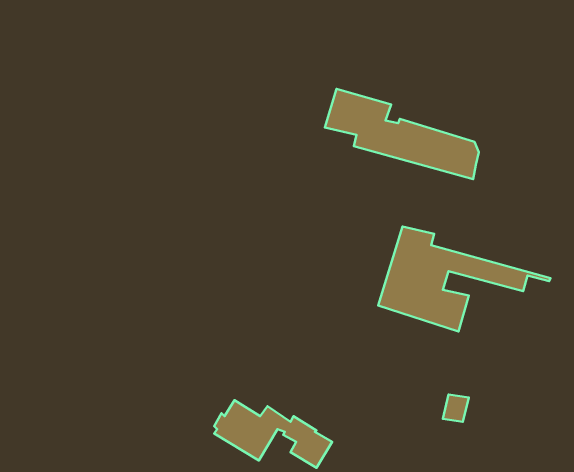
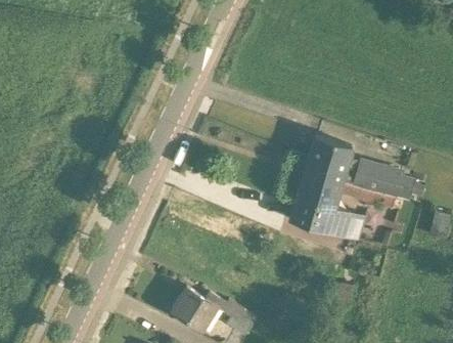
building: [325,89,479,179] -> [306,137,415,202]

